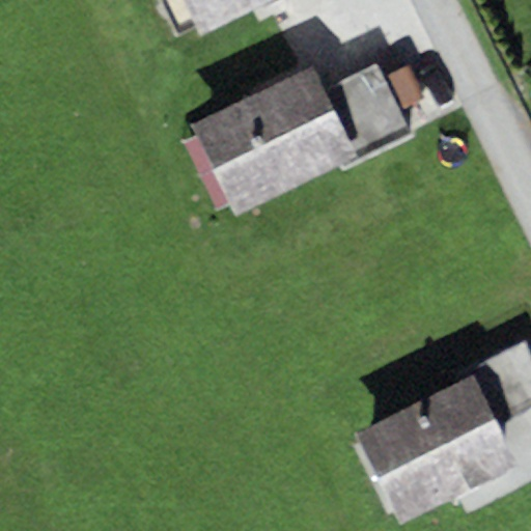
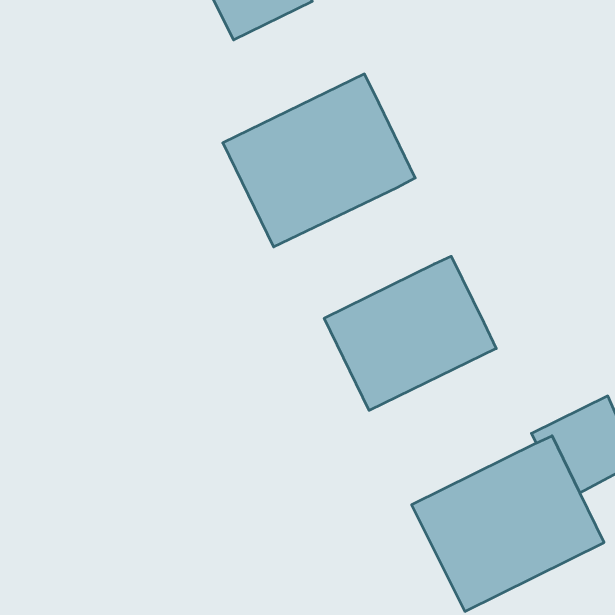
building: [328,62,416,171] -> none
building: none -> [324,256,496,410]

